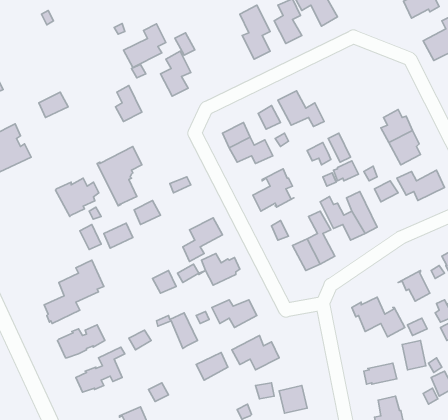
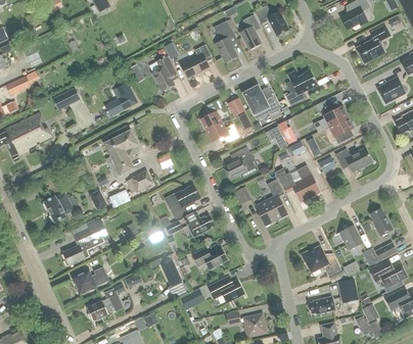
building: [124,24,166,67] -> [180,44,213,78]
building: none -> [286,70,317,105]
building: [55,178,99,217] -> [43,192,77,222]

